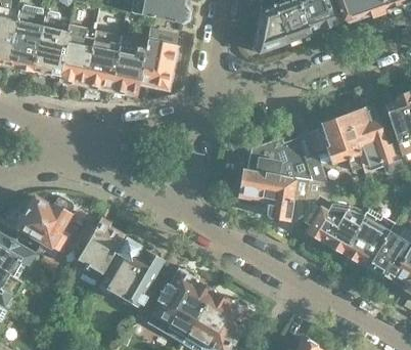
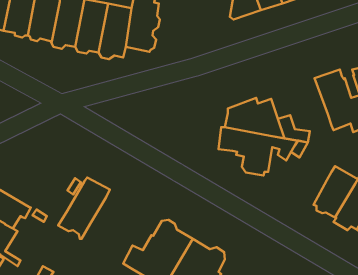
building: [311,115,364,170] -> none
building: [18,195,75,260] -> none
building: [309,205,364,252] -> none
building: [100,237,165,306] -> none

